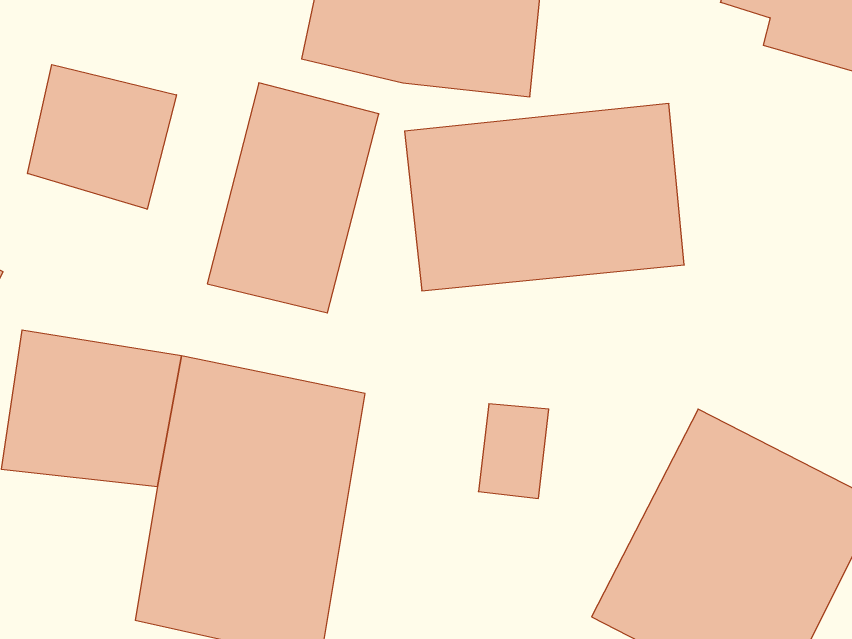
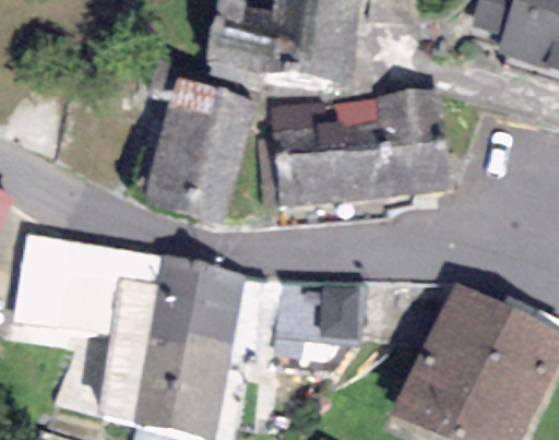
building: [28,65,176,209] -> none

